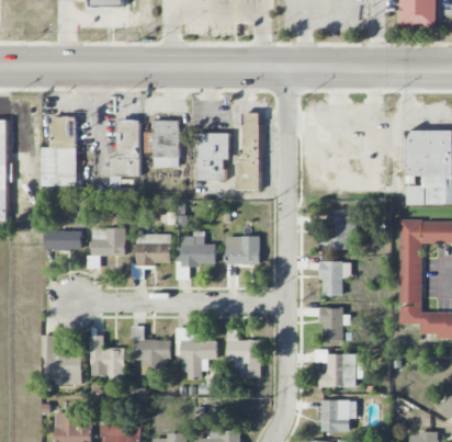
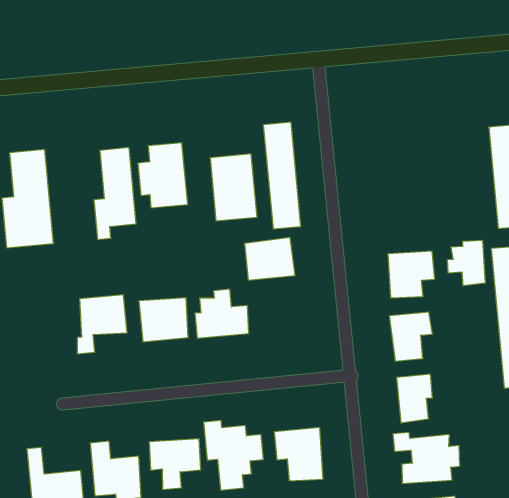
building: none -> [447,240,485,286]
building: [44,230,80,251] -> none
building: [224,236,259,264] -> [245,238,295,280]

